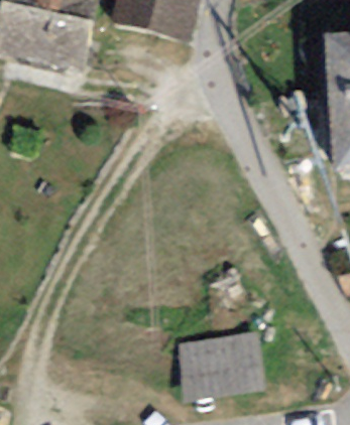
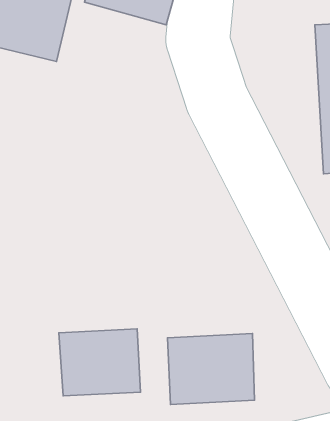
building: none -> [59,329,140,396]

